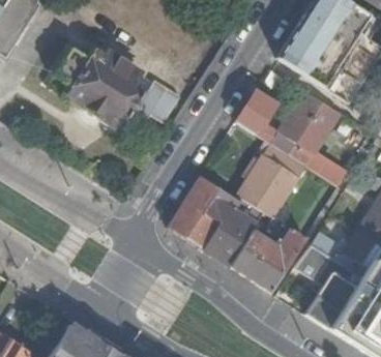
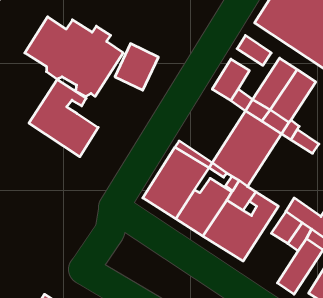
building: none -> [29,79,98,157]

